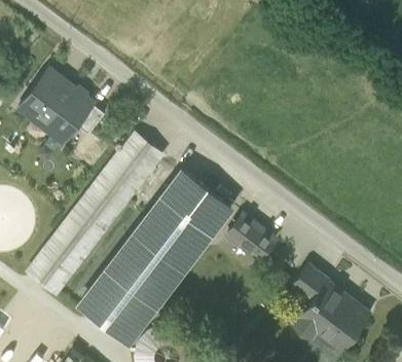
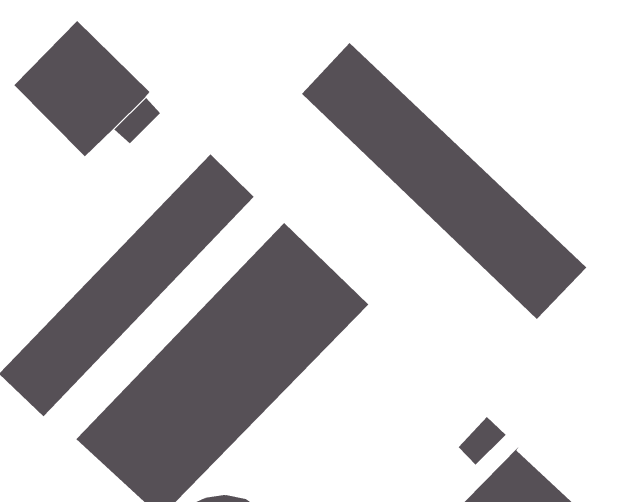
building: none -> [301,42,587,320]
building: [228,212,276,256] -> none

